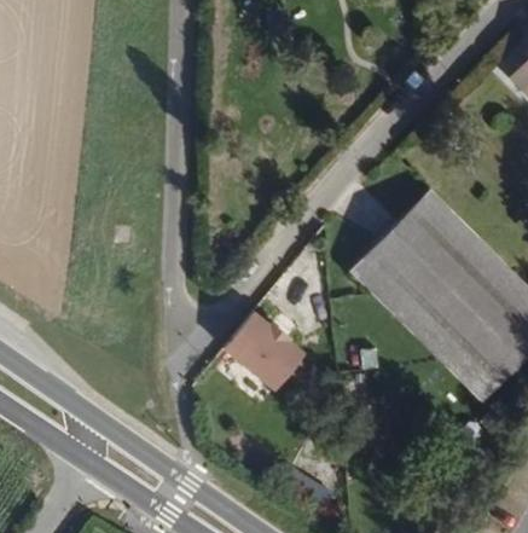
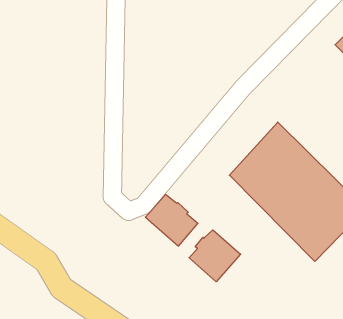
building: none -> [189,230,241,282]

